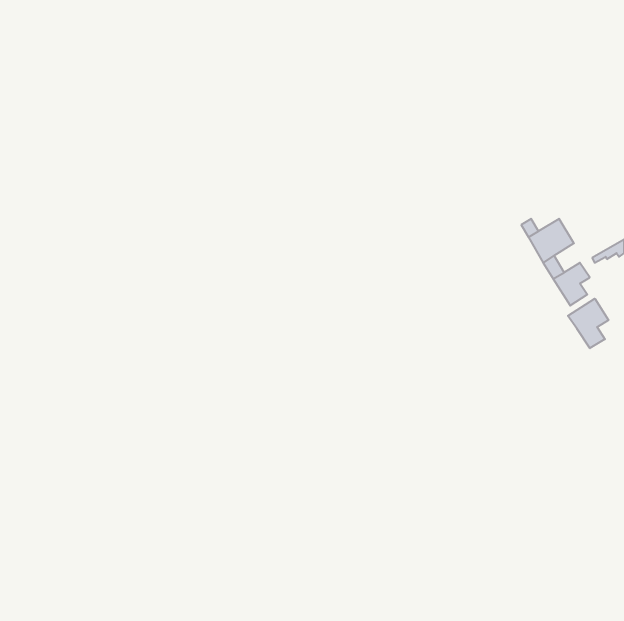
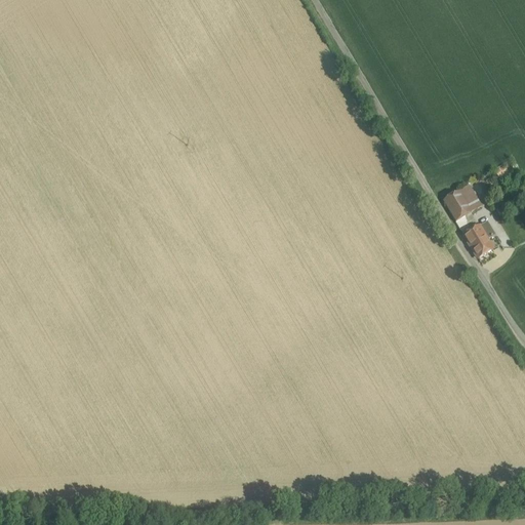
building: [568,299,608,348] -> none

